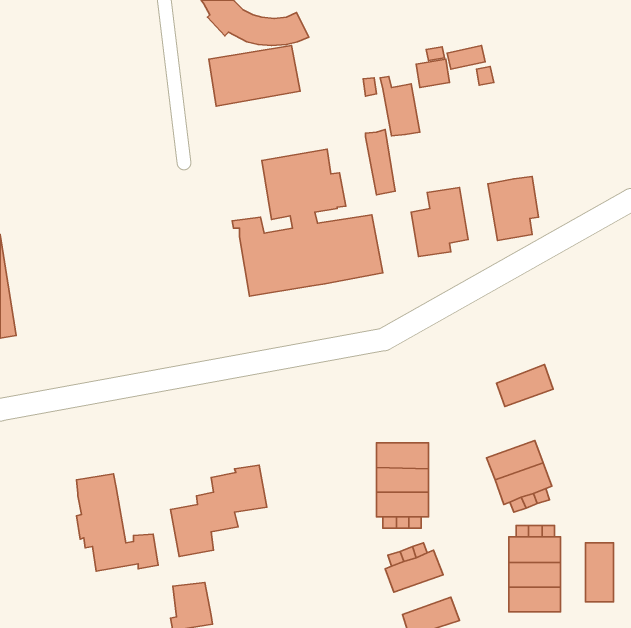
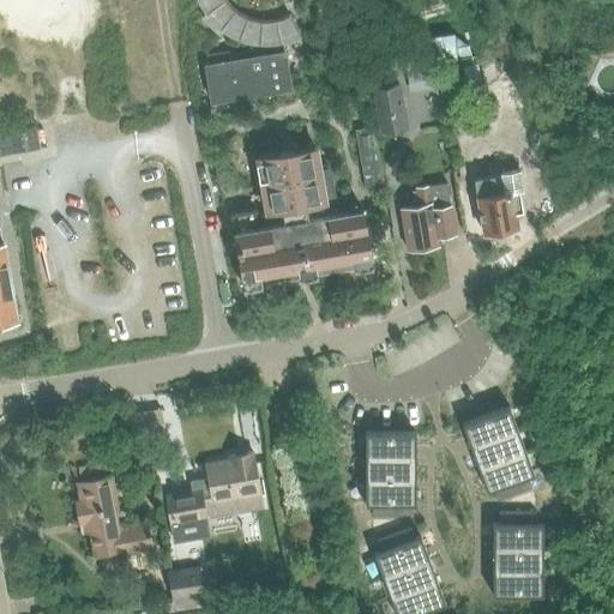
building: [496,365,553,406] -> [464,407,519,447]
building: [585,543,614,602] -> none
building: none -> [383,561,438,600]

